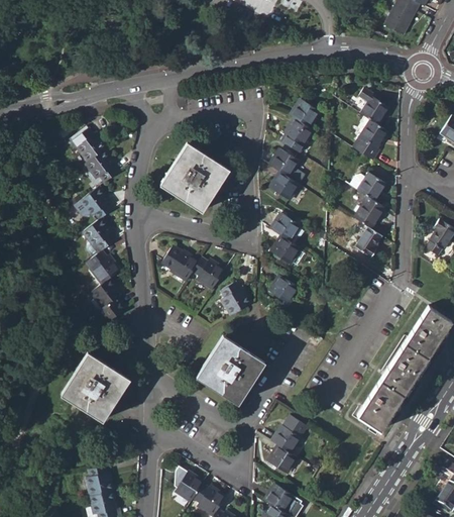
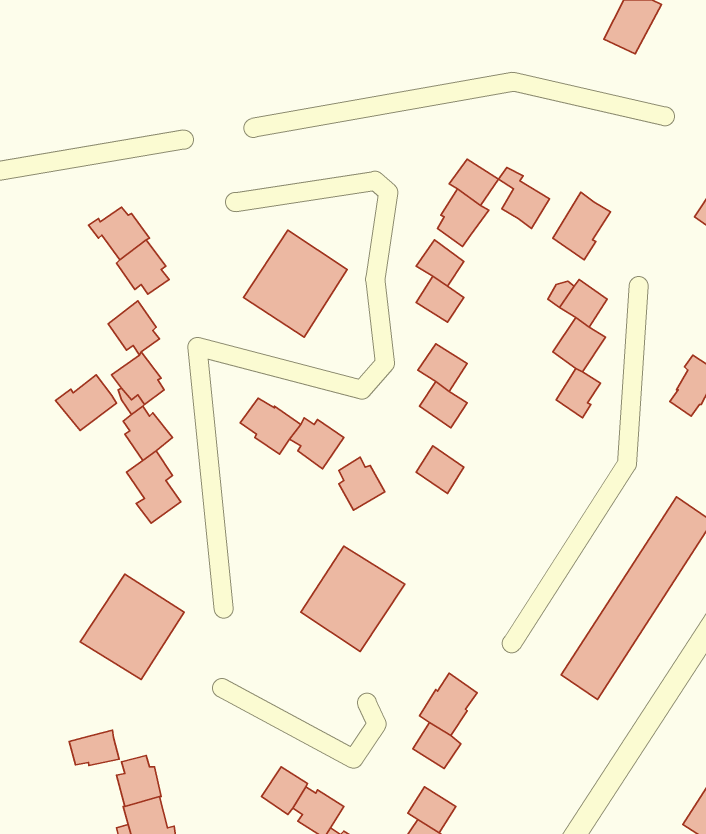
building: [357,89,388,126] -> [499,168,550,228]
building: none -> [56,375,116,430]
building: none -> [69,730,119,765]

